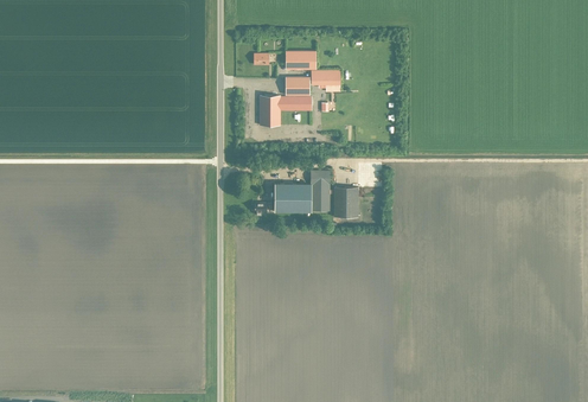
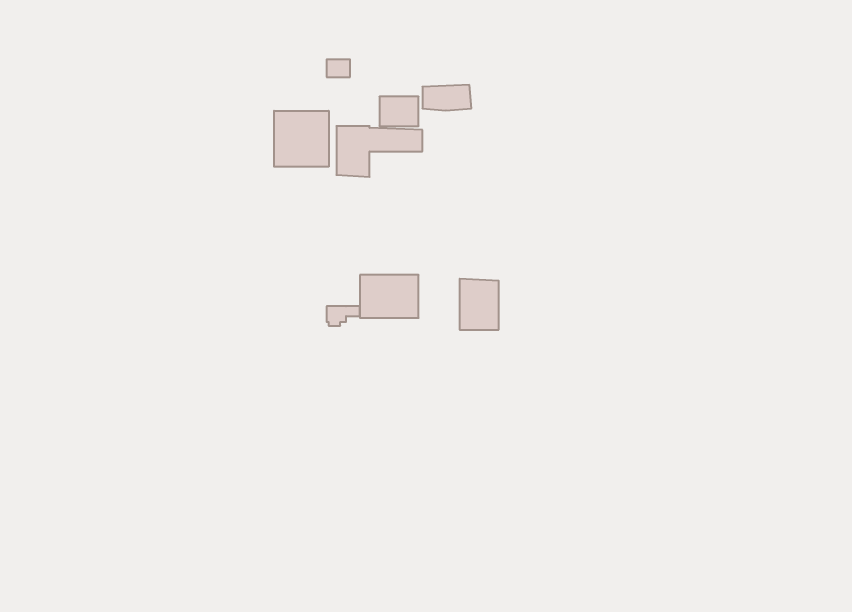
building: [285,50,315,69] -> none
building: none -> [274,111,329,167]
building: [309,170,332,210] -> none

